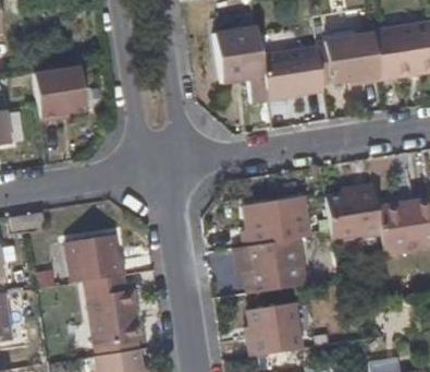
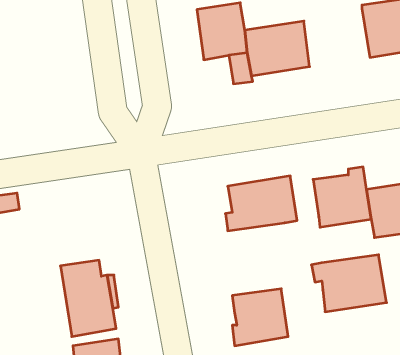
building: [324,34,381,83] -> none
building: [34,65,86,121] -> none
building: [63,218,124,283] -> none
building: [235,239,307,293] -> [311,255,387,312]

